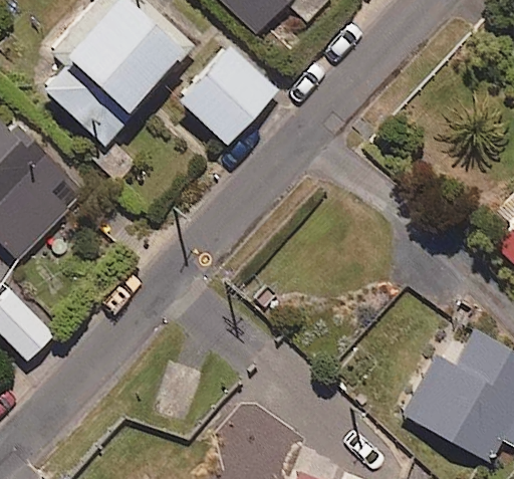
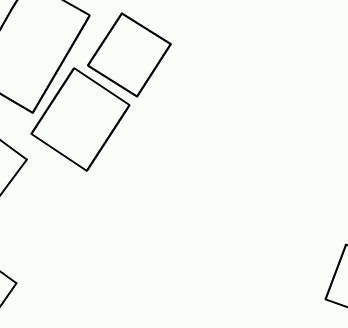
building: none -> [31,68,129,171]

